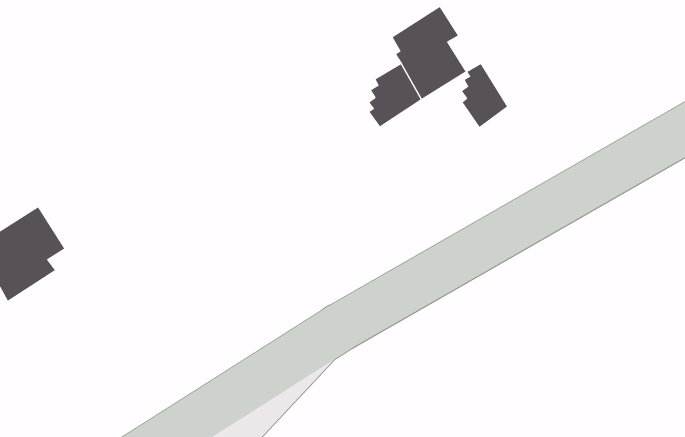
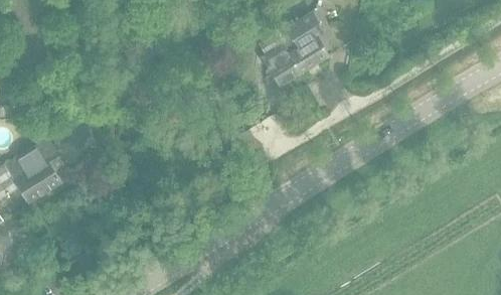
building: [461,63,508,128] -> none

